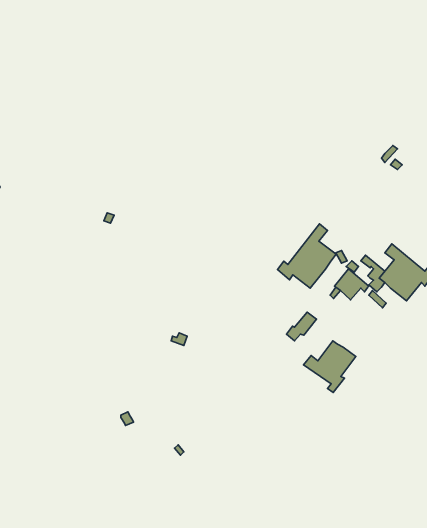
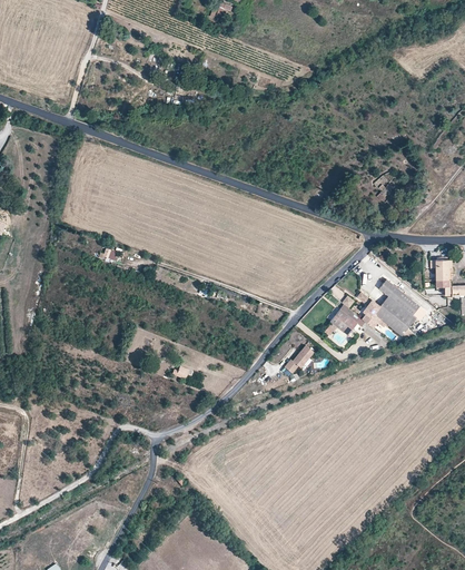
building: [277,224,336,288] -> none
building: [304,341,356,393] -> none

